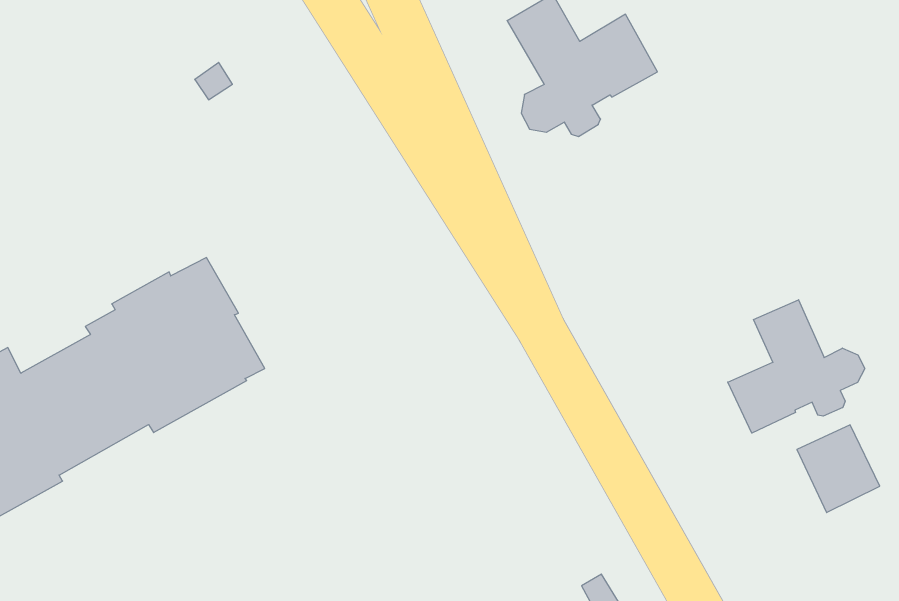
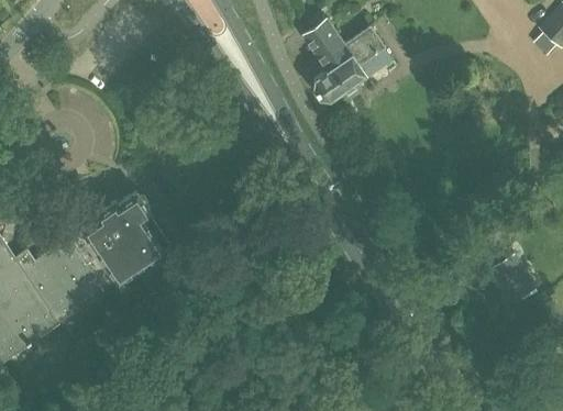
building: [728,300,865,433] -> none

